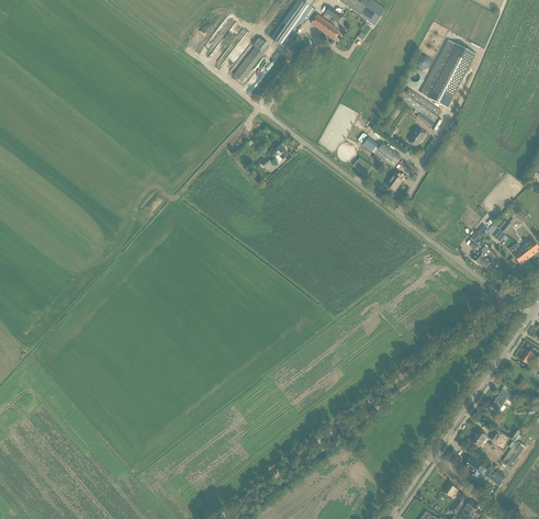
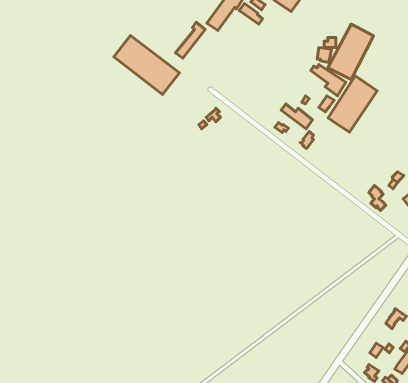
building: none -> [114,35,180,95]
building: none -> [328,76,377,132]

